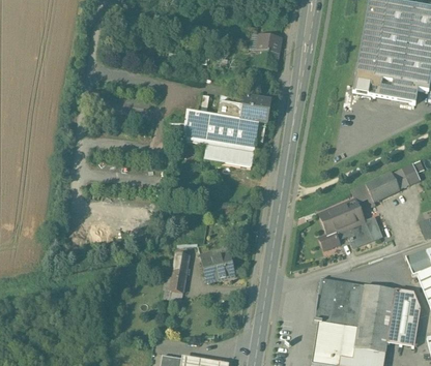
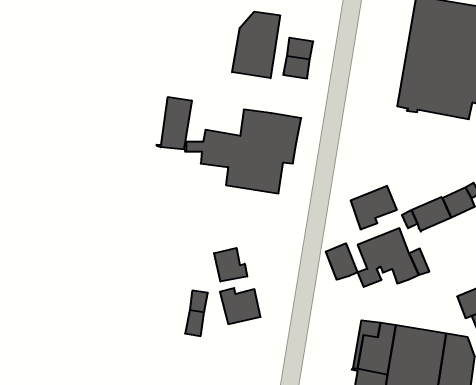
building: none -> [232,12,280,78]
building: none -> [157,97,192,149]
building: none -> [351,186,397,230]
building: none -> [326,243,358,280]
building: none -> [214,248,247,282]

